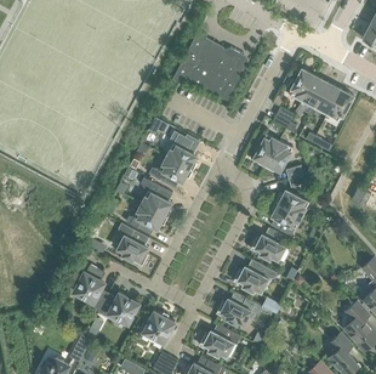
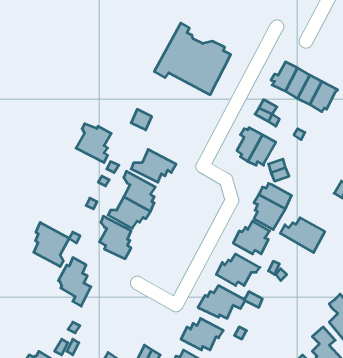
building: [166,131,201,170] -> [76,124,111,163]
building: none -> [280,218,325,253]
building: none -> [34,222,69,267]
building: [99,291,141,323] -> none
building: [143,311,176,342] -> none

